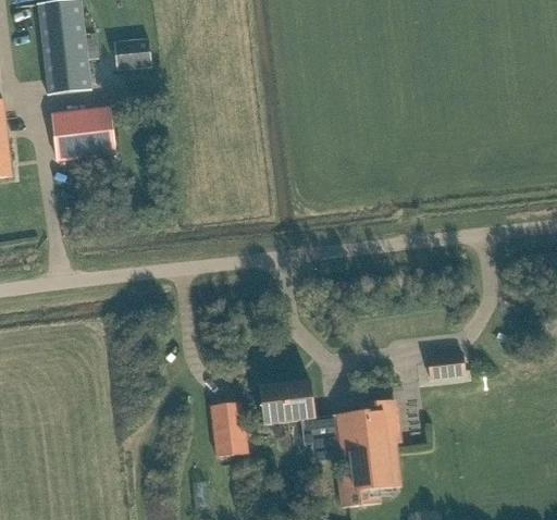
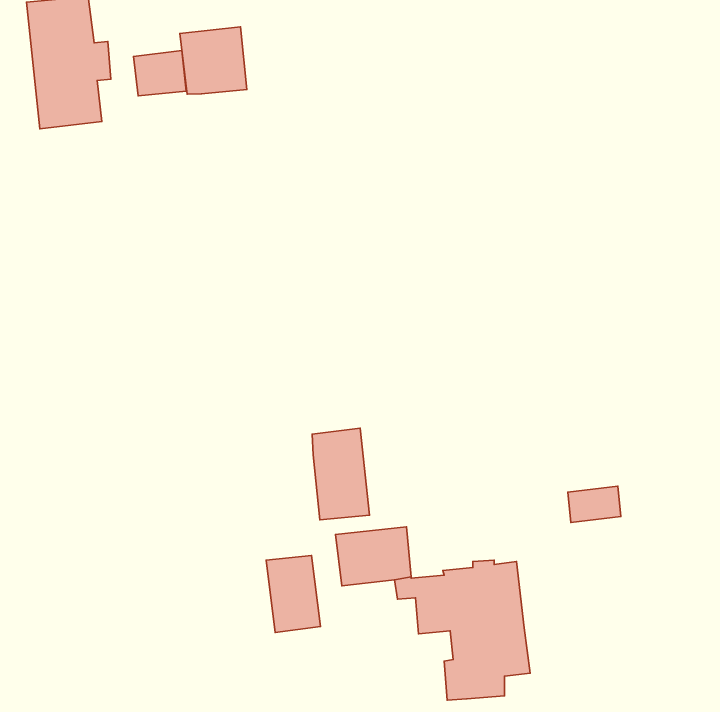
building: none -> [180,27,247,94]
building: [52,107,116,161] -> none
building: none -> [312,428,370,520]

